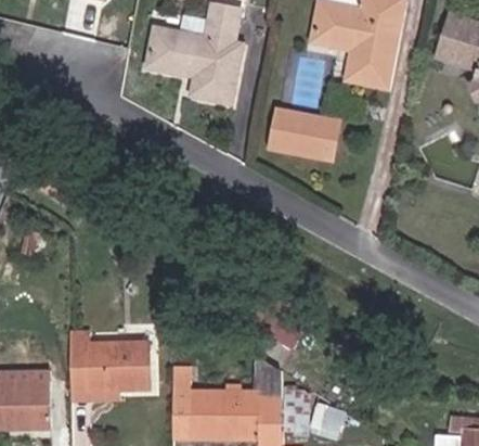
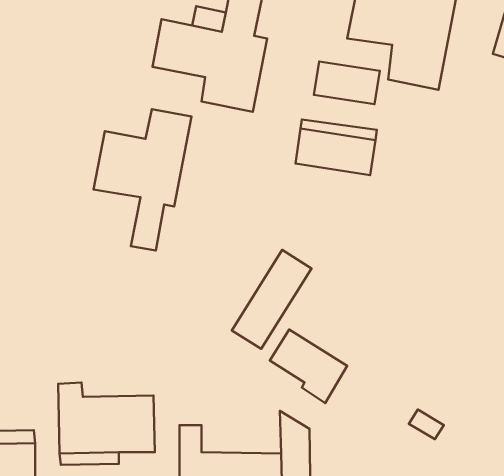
building: none -> [314,61,380,104]
building: none -> [93,109,192,251]
building: none -> [232,250,311,349]

